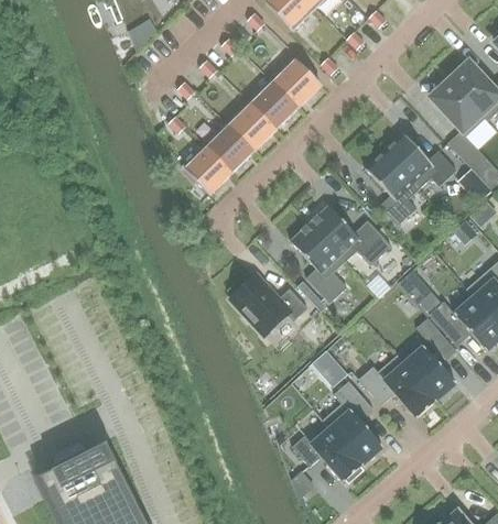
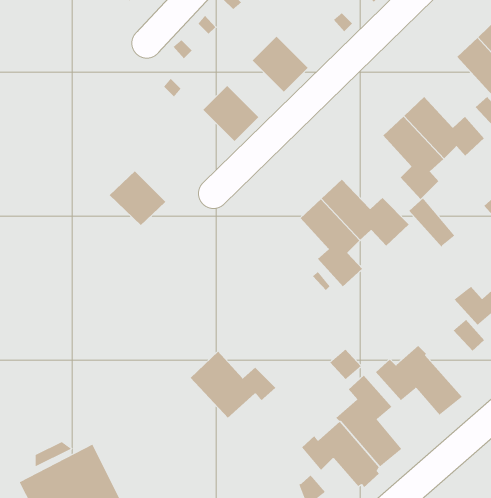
building: [270,56,321,107] -> none
building: [226,100,277,151] -> none
building: [181,144,232,194] -> [109,171,167,226]
building: [398,271,440,316] -> [408,197,455,248]
building: [230,273,307,334] -> [190,351,276,419]
building: [403,346,456,400] -> none

